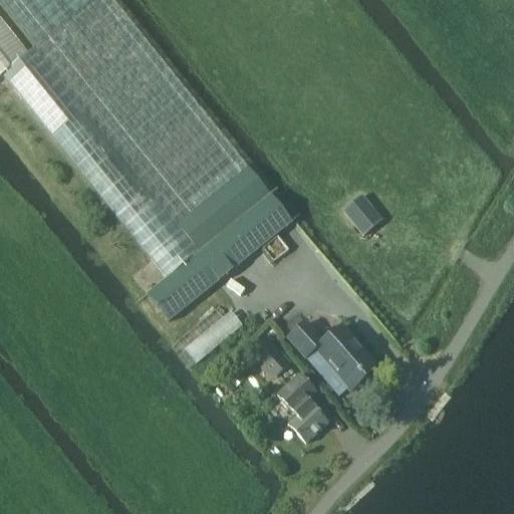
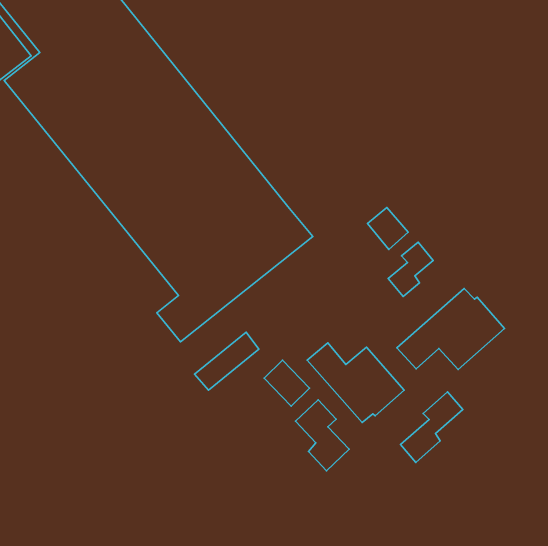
building: none -> [388,242,433,297]
building: none -> [397,289,504,369]
building: none -> [401,392,463,462]

